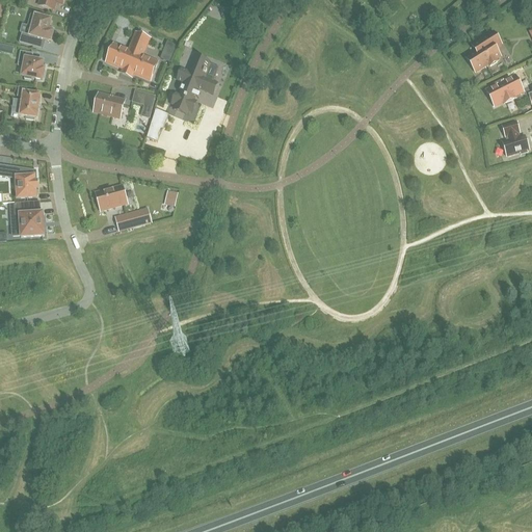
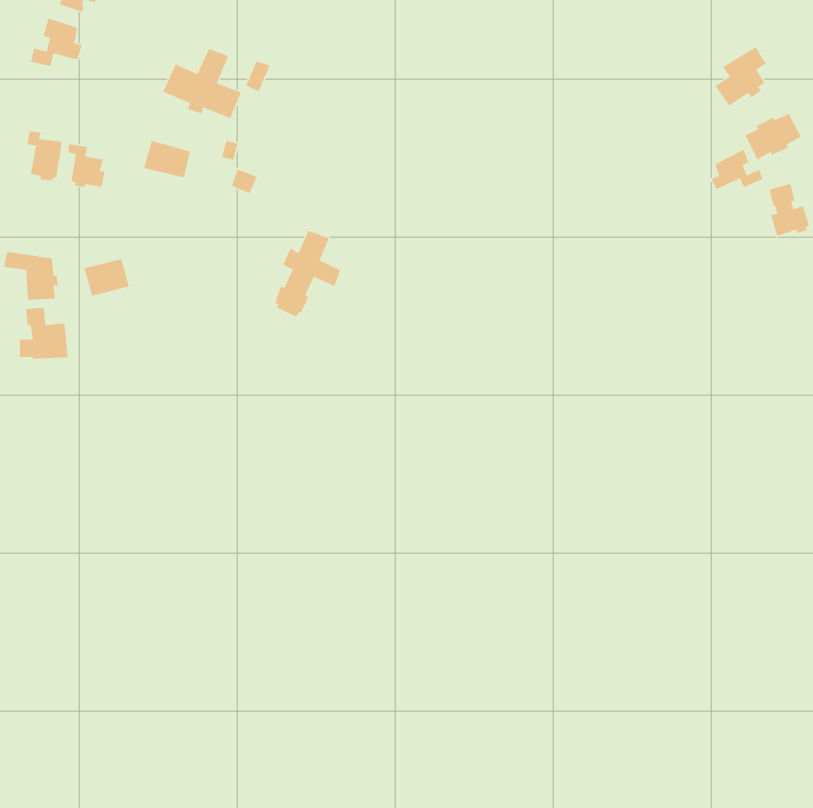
building: [20,49,45,78] -> [67,143,105,188]
building: [172,56,216,113] -> [274,230,341,317]
building: none -> [711,149,764,190]
building: [97,184,127,209] -> [84,258,130,297]
building: [115,207,152,230] -> none

